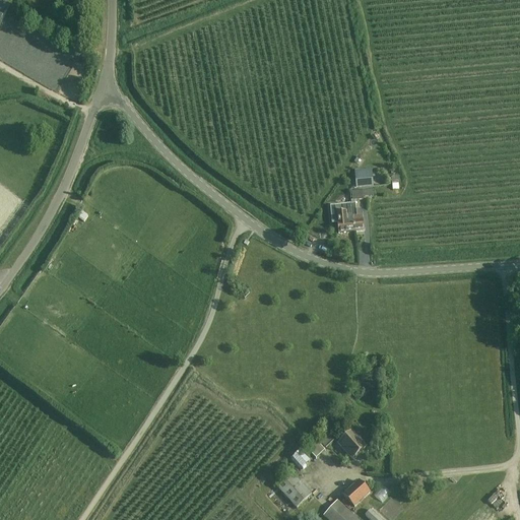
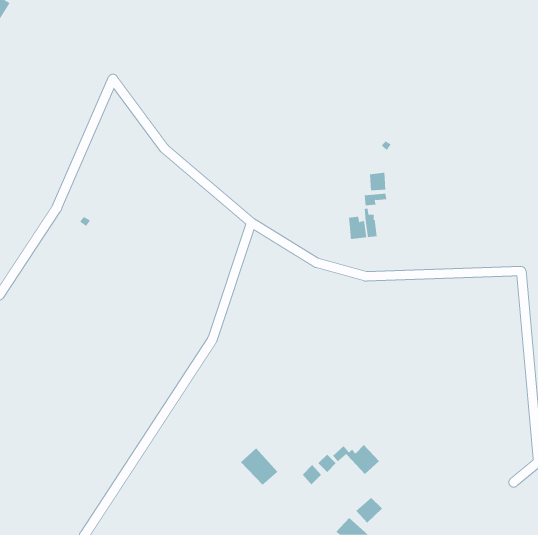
building: [274,468,311,505] -> [240,448,278,486]

